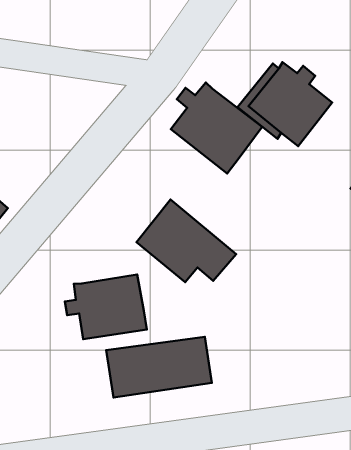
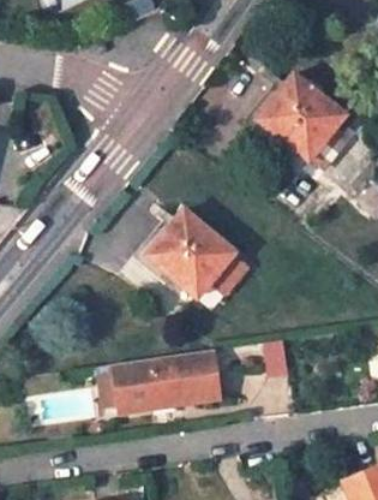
building: [171,82,262,174] -> none
building: [65,275,147,339] -> none

